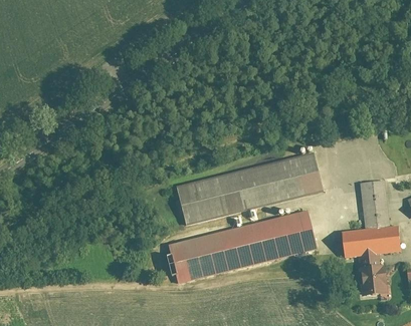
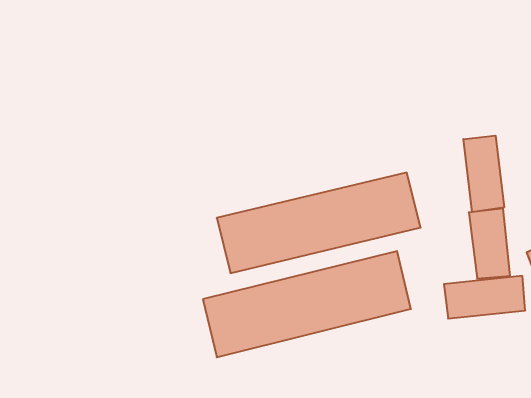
building: none -> [463,136,504,212]
building: [359,254,387,296] -> none

